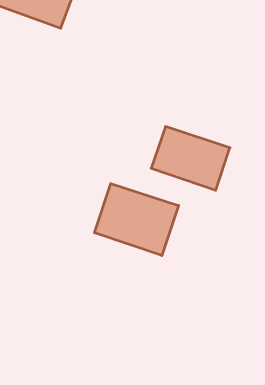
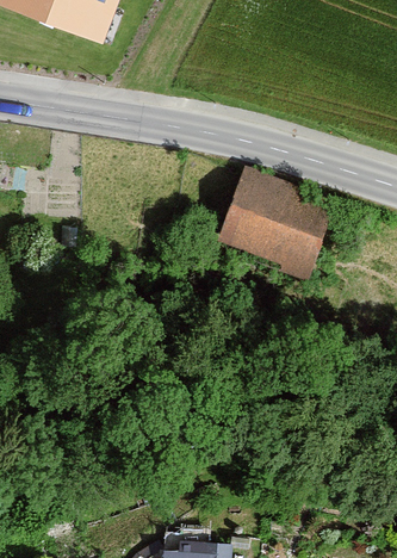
building: [95,184,179,256] -> none

